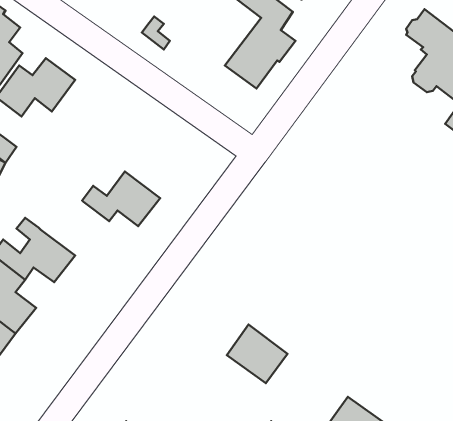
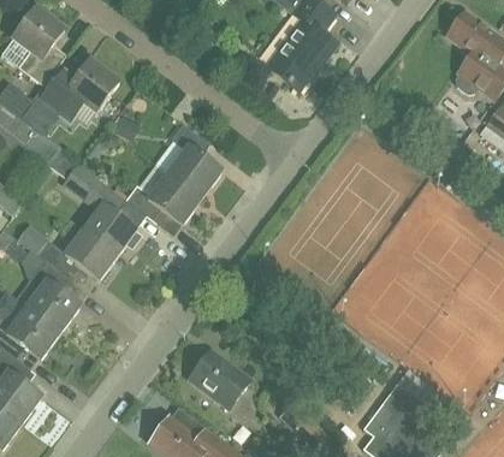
building: none -> [168,125,223,198]
building: none -> [61,164,142,255]
building: [227,325,288,383] -> [189,351,249,409]

